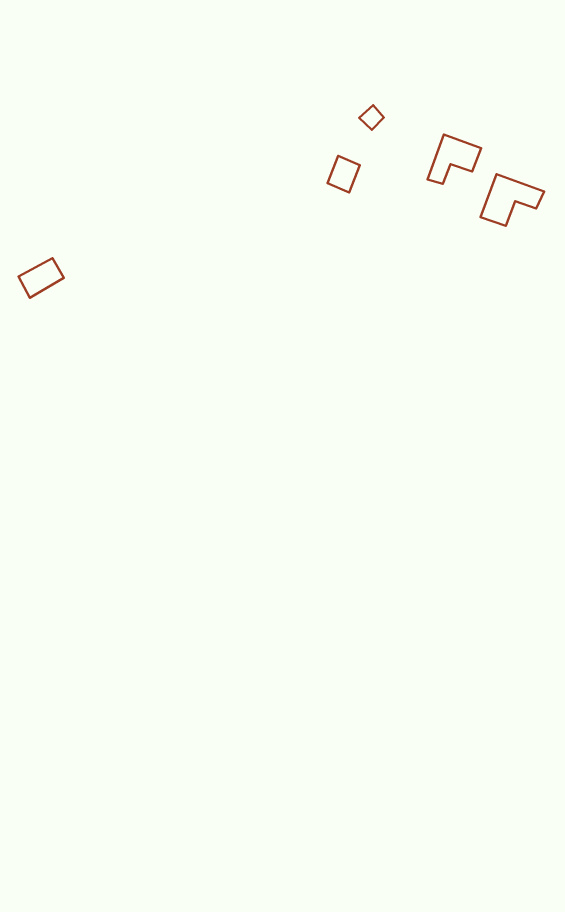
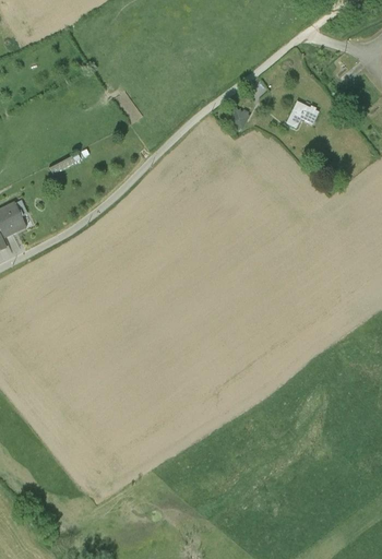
building: [481,174,544,226] -> none

